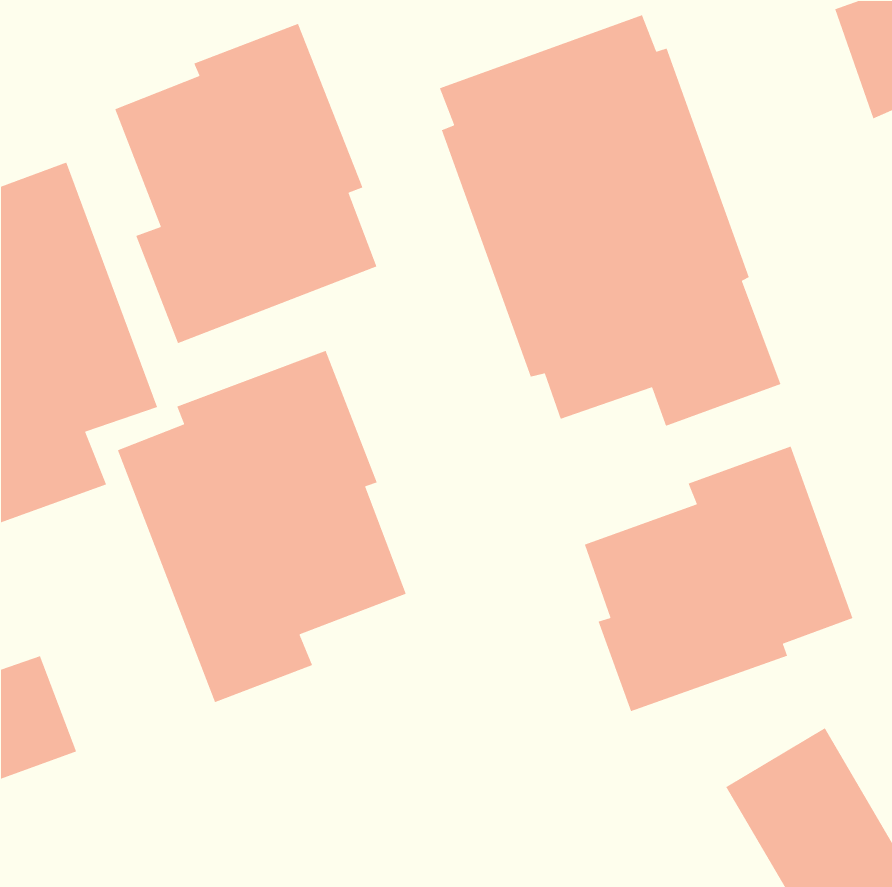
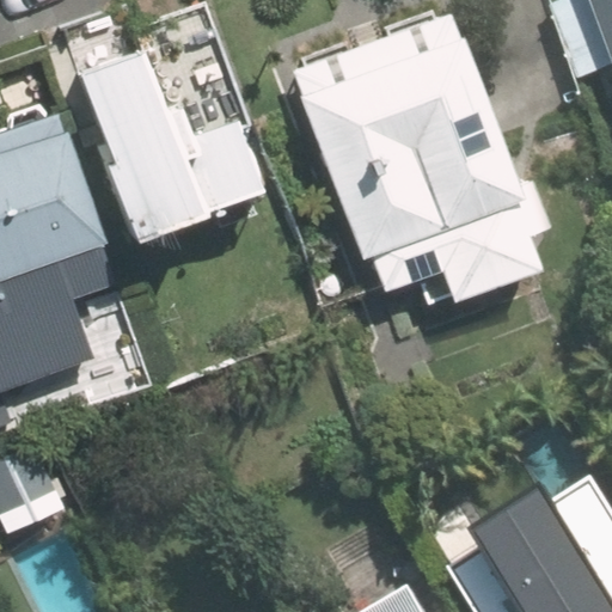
building: [117,350,407,703] -> none
building: [584,446,854,712] -> none

